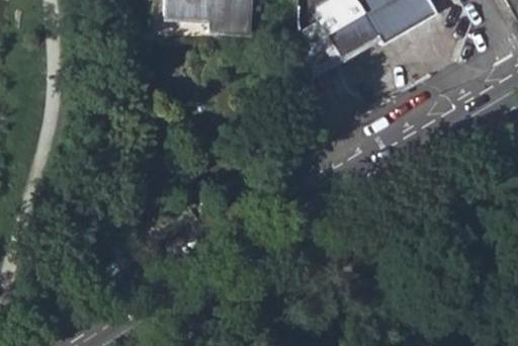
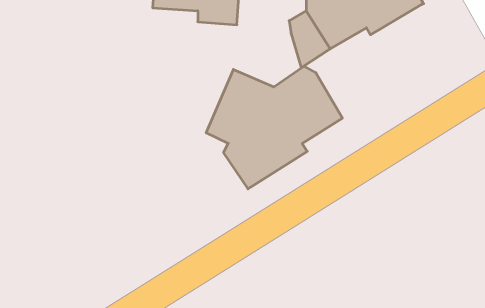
building: none -> [206,66,342,189]

